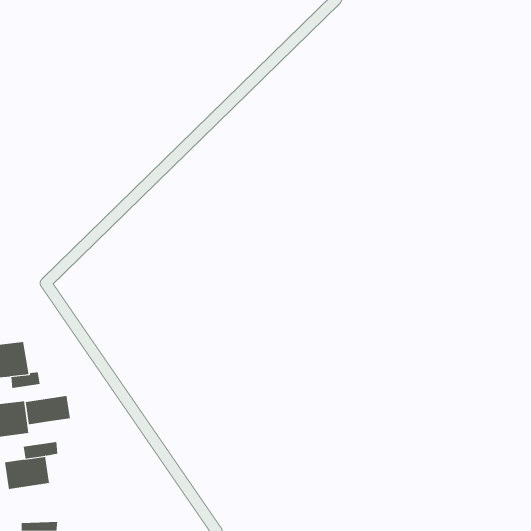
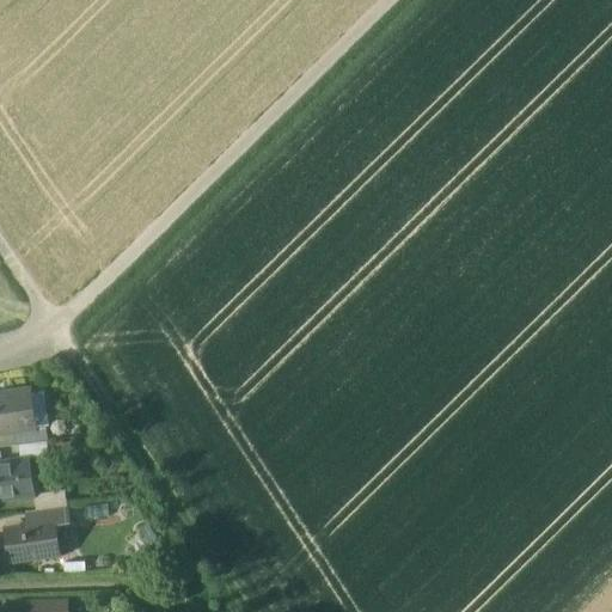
building: [25,395,70,425] -> none

